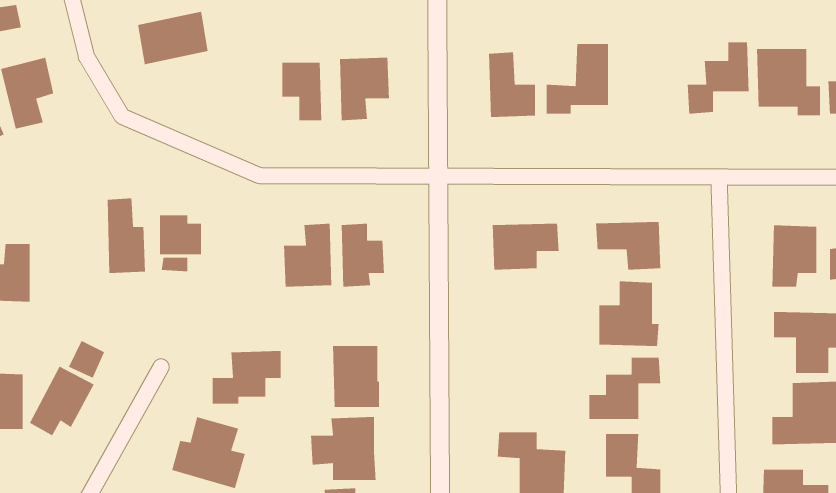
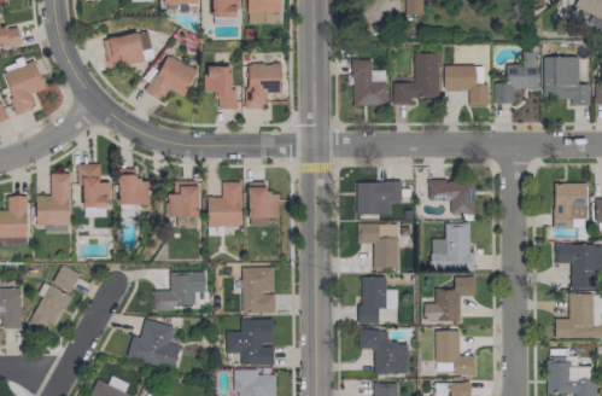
building: none -> [147,54,197,101]
building: none -> [444,65,489,105]
building: none -> [36,173,70,225]
building: none -> [168,180,199,228]
building: none -> [357,223,397,268]
building: none -> [360,276,397,324]

